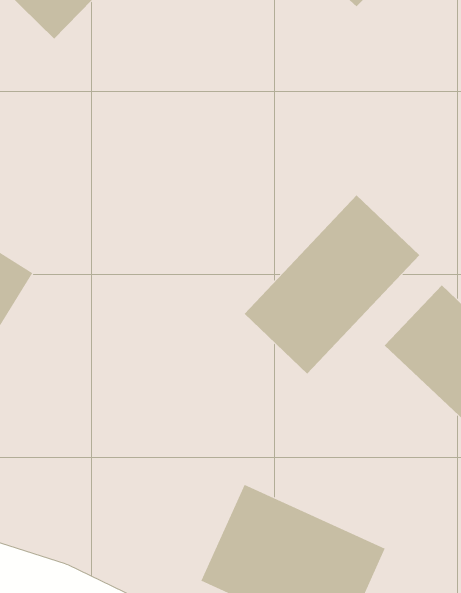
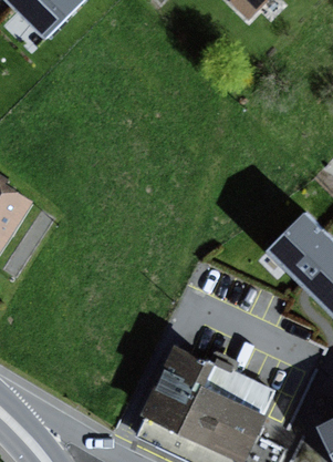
building: [244,194,420,375] -> none

